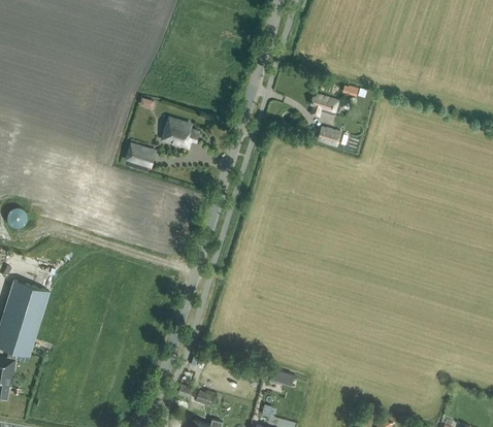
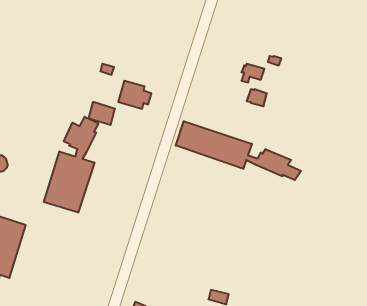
building: none -> [44,117,98,213]
building: none -> [176,121,301,180]

